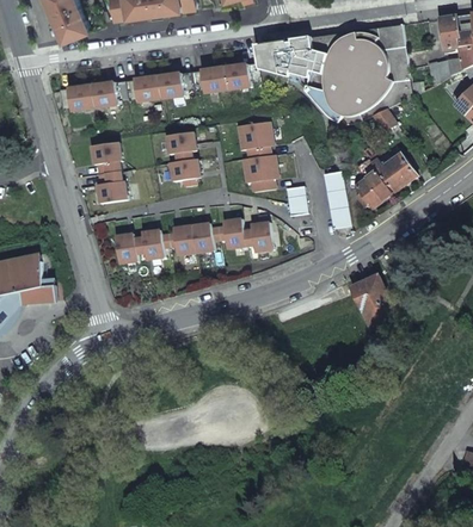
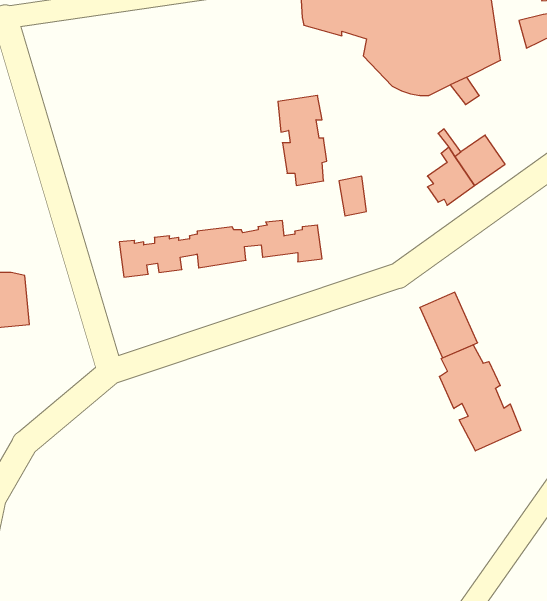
building: [57,61,259,111] -> none
building: [166,132,198,186] -> none
building: [91,142,125,204] -> none
building: [324,169,350,227] -> none
building: none -> [439,345,521,451]

